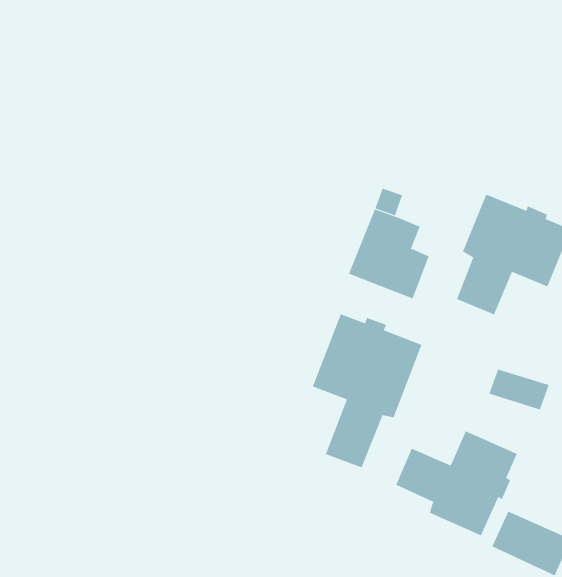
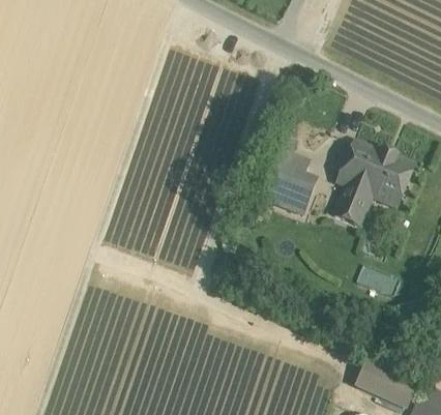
building: [312,313,422,468] -> none
building: [396,430,518,536] -> none

